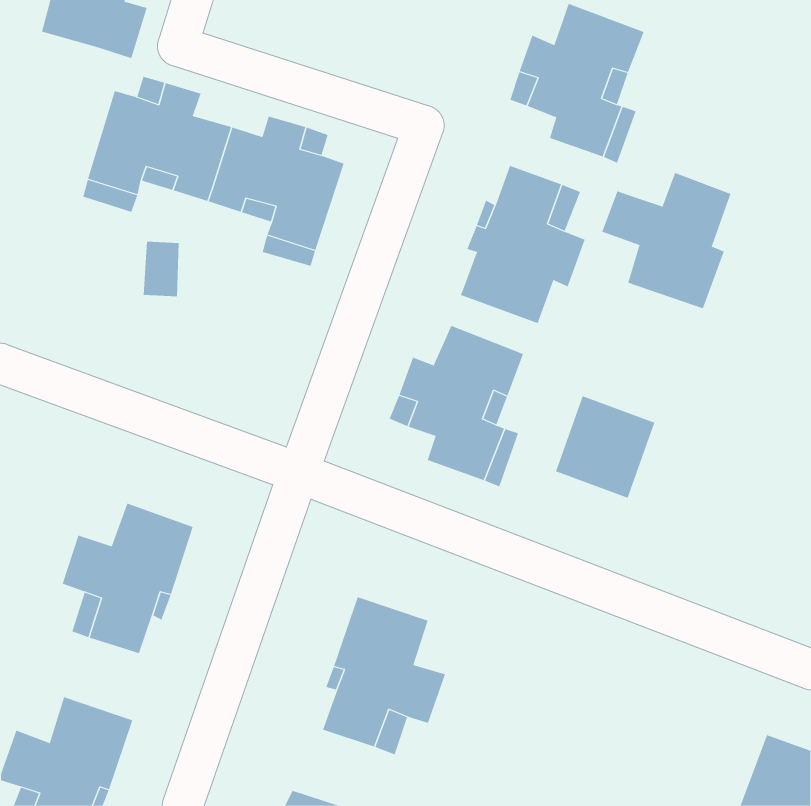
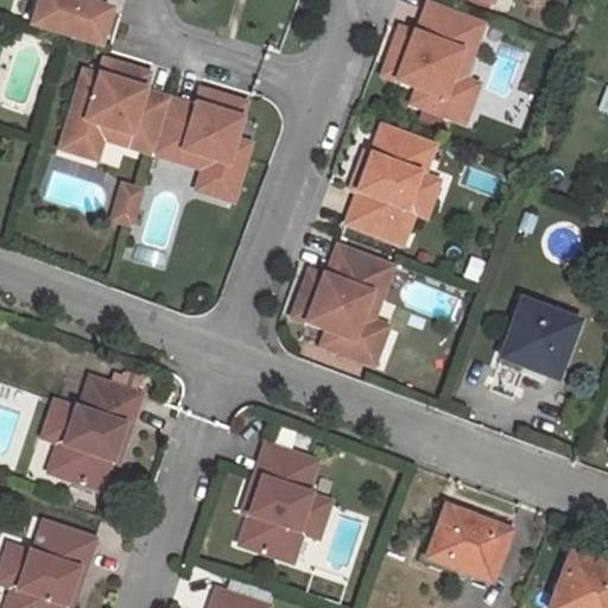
building: [602,172,731,309] -> none
building: [555,395,655,499] -> [506,299,581,376]
building: none -> [432,505,512,575]

